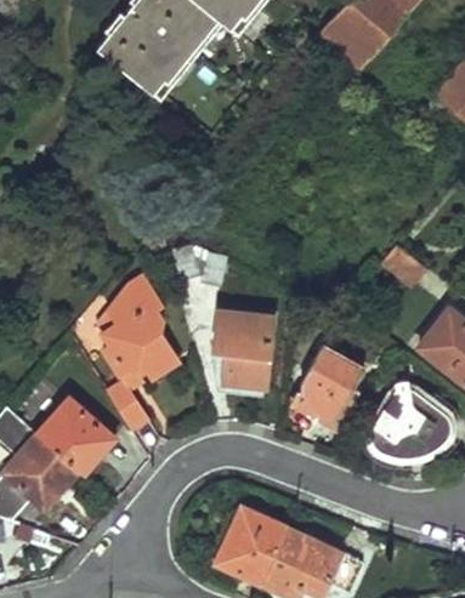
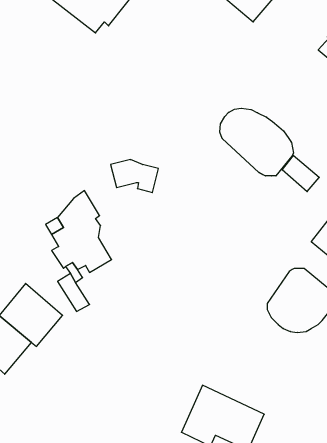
building: none -> [220,108,294,176]
building: [215,308,274,389] -> none
building: [295,344,363,421] -> none
building: [216,502,285,579] -> none

